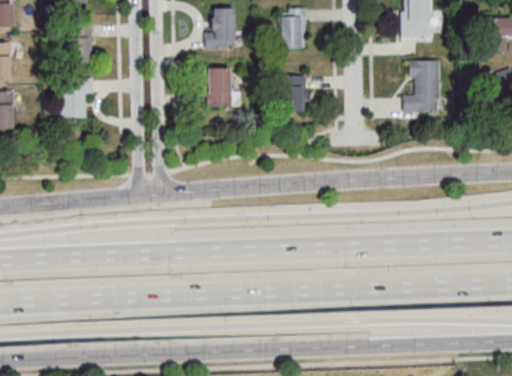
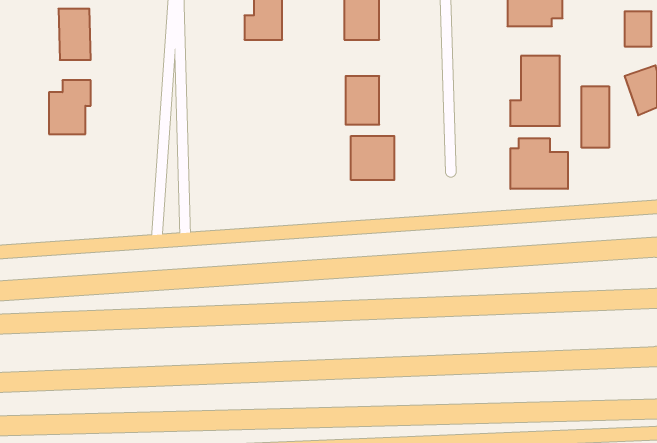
building: [206,67,230,107] -> none
building: none -> [582,86,609,148]
building: none -> [351,136,394,180]
building: none -> [510,138,568,189]

